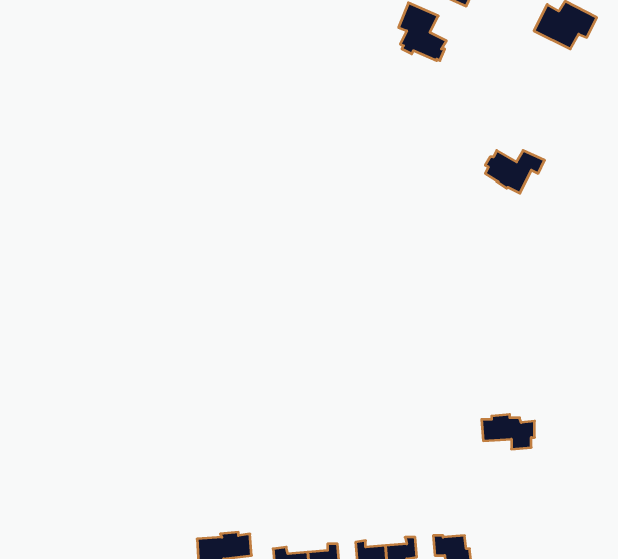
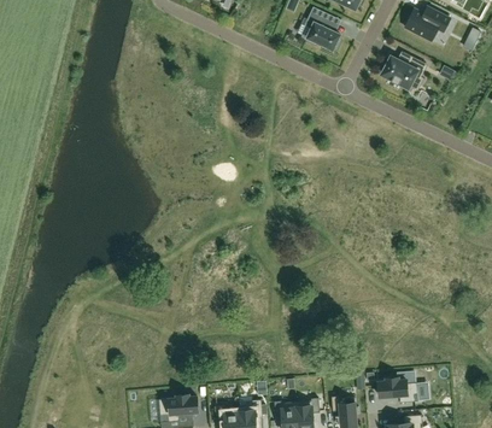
building: [485,150,545,193] -> [382,57,426,88]
building: [482,414,535,449] -> [377,377,416,403]

